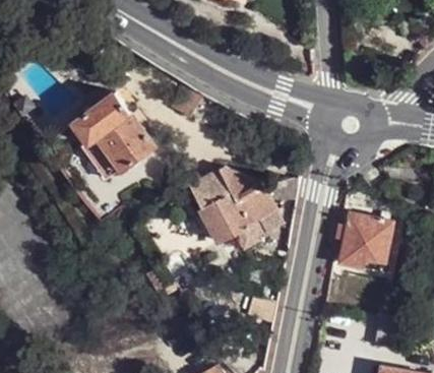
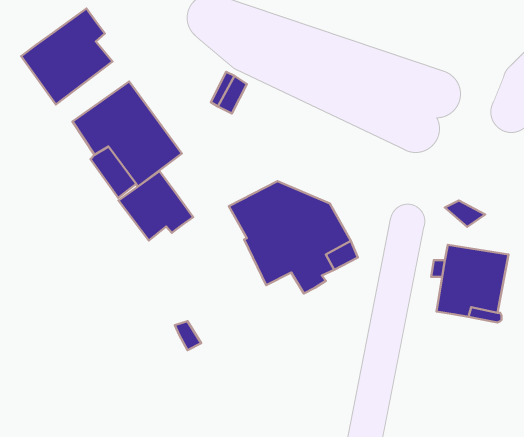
building: none -> [21,8,112,104]
building: none -> [118,171,193,240]

